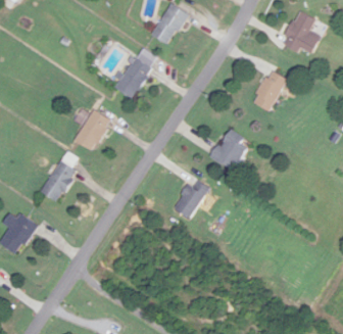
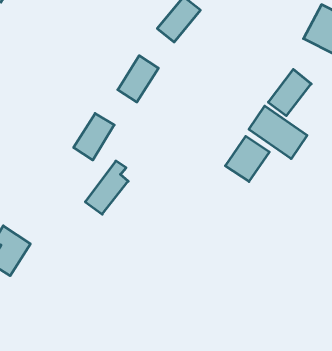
building: none -> [249,106,307,159]
building: [40,152,79,200] -> [85,161,128,214]
building: [175,176,209,217] -> none

